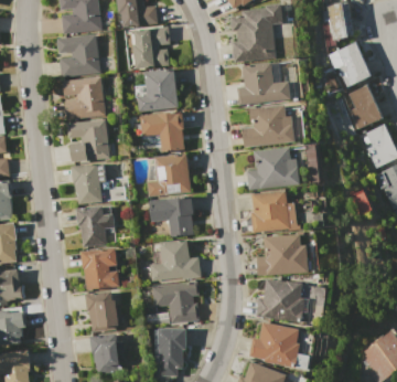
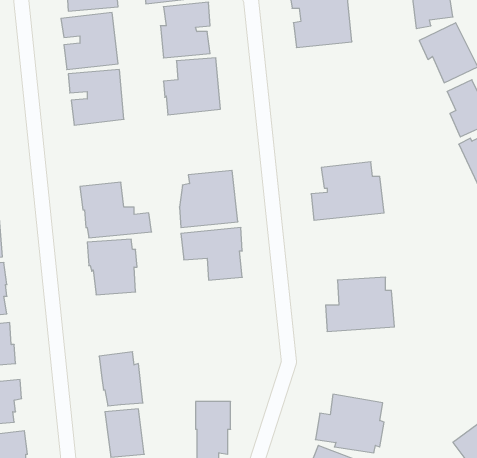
building: [237,63,292,105] -> none
building: [243,105,305,147] -> none
building: [140,110,184,153] -> none
building: [67,119,109,162] -> none
building: [250,190,301,233] -> none
building: [150,240,200,280] -> none
building: [81,247,119,290] -> none
building: [256,278,308,322] -> none
building: [151,280,201,322] -> none

